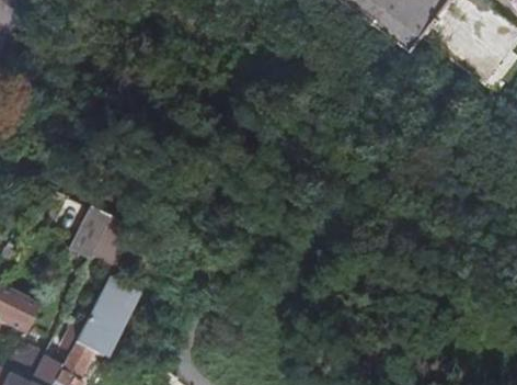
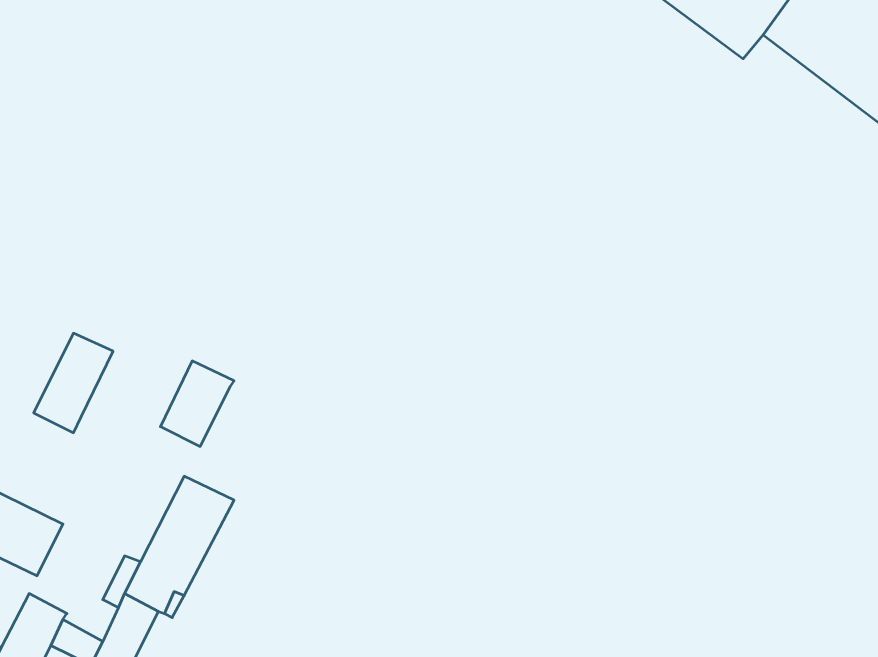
building: [67,205,111,260] -> [34,333,113,433]

